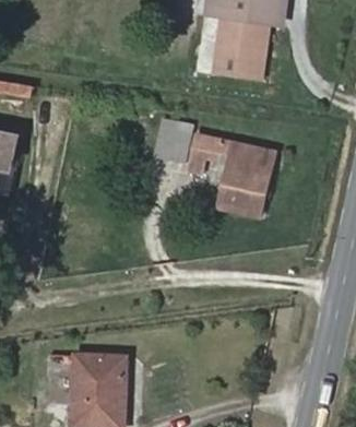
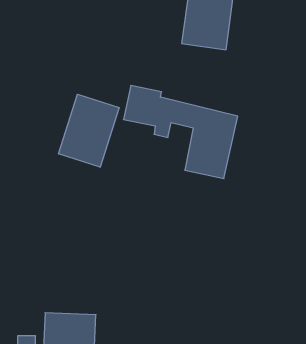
building: none -> [59,94,119,167]

